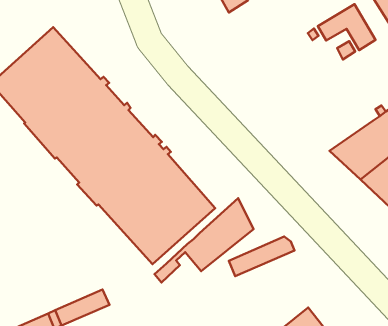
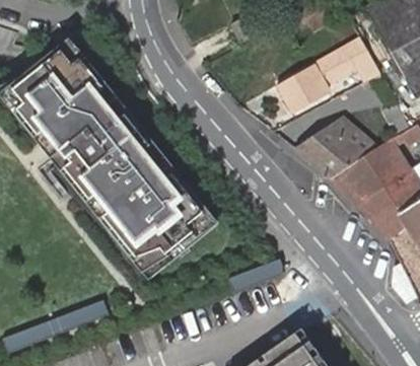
building: none -> [277,65,329,111]
building: none -> [294,121,373,177]
building: [155,198,253,282] -> none

